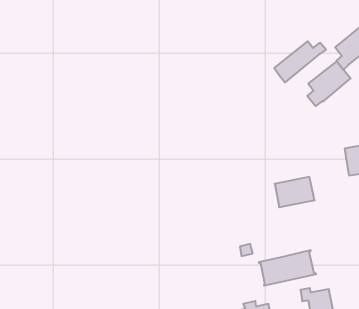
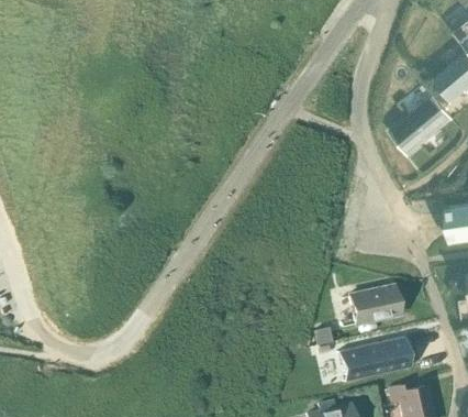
building: [274,41,326,82] -> none
building: [275,177,315,207] -> [347,286,398,325]

